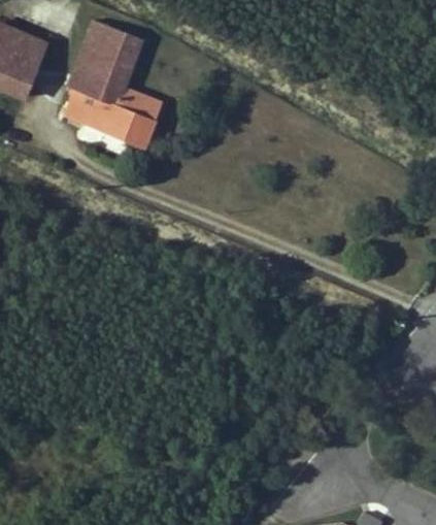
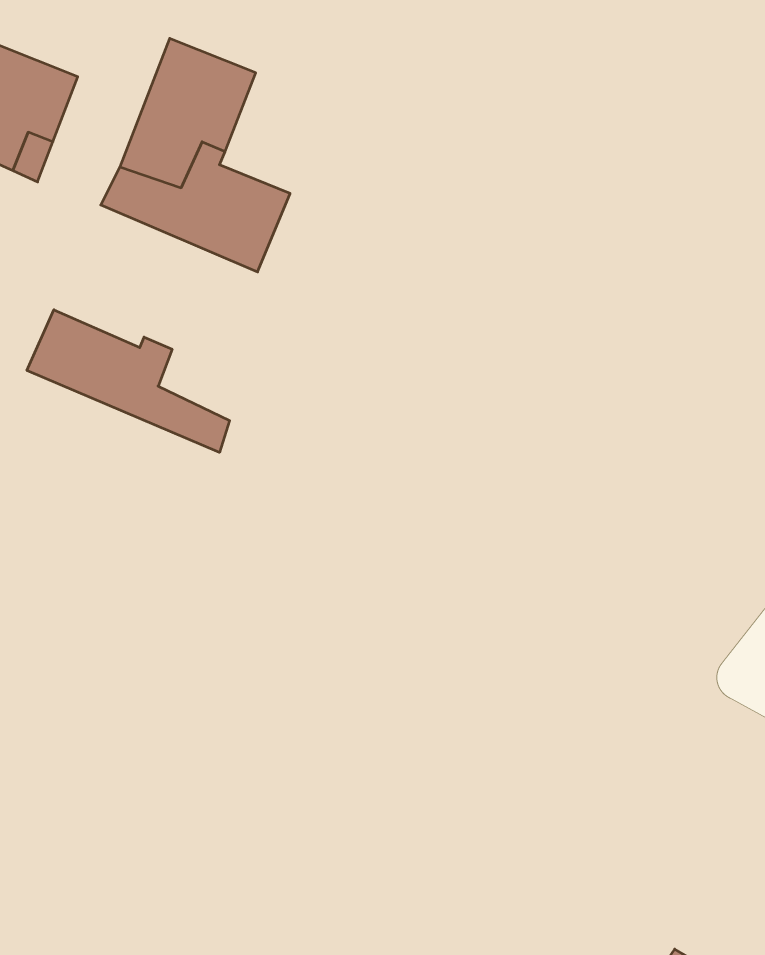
building: none -> [27,310,230,452]

